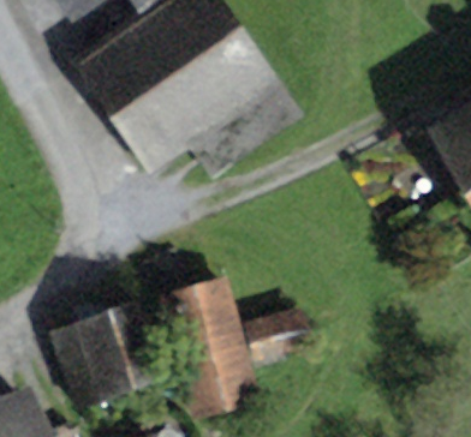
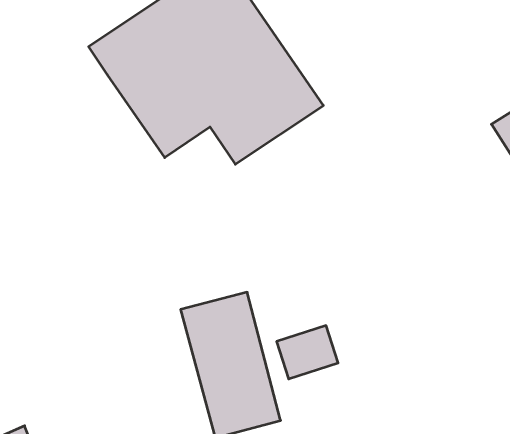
building: [55,301,166,400] -> none

